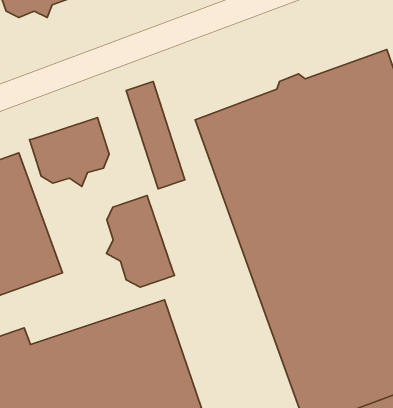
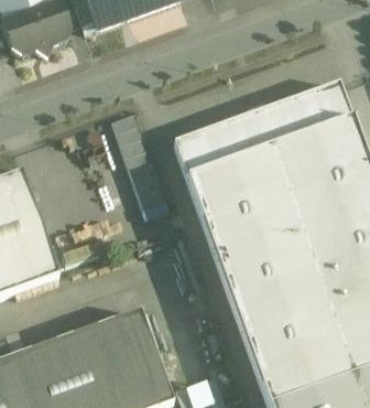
building: [29,117,109,187] -> none
building: [106,195,175,287] -> none

